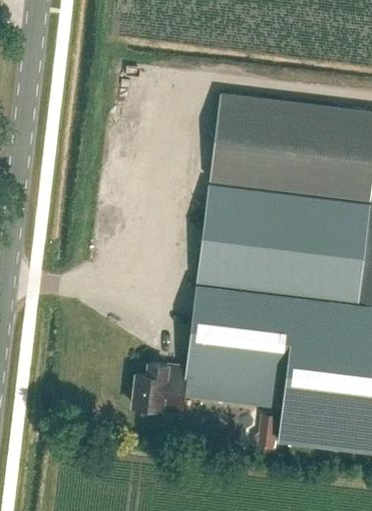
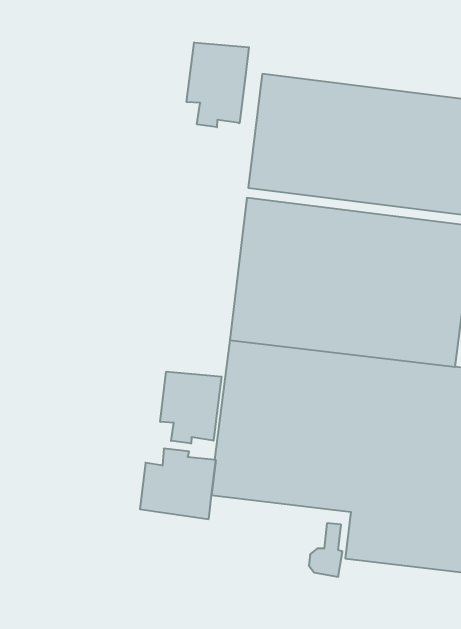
building: none -> [187,42,249,127]
building: none -> [160,372,221,444]

